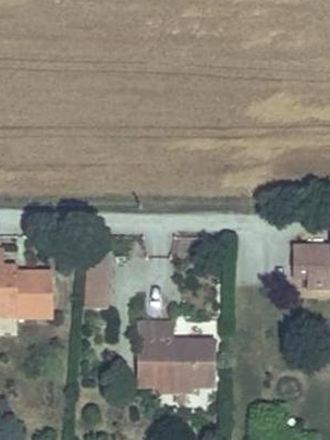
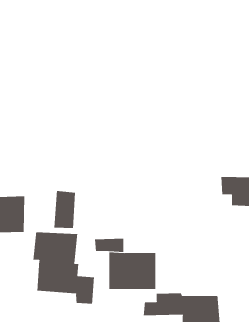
building: none -> [33,231,94,305]
building: none -> [143,292,220,323]

